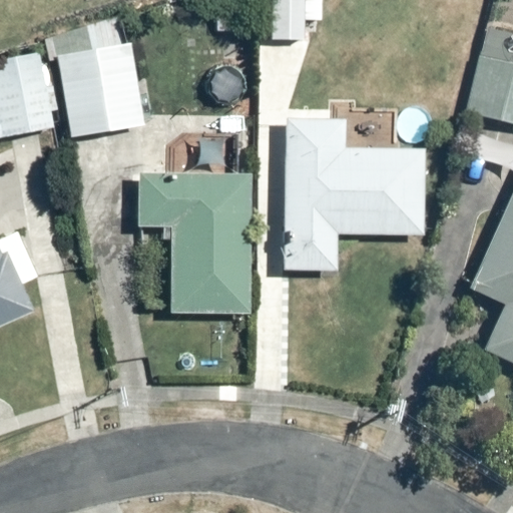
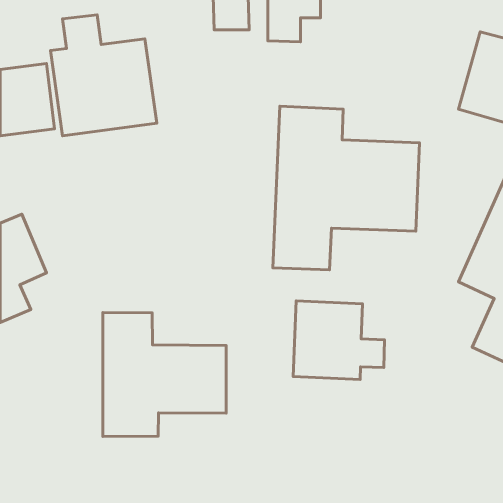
building: [137,132,251,332] -> none
building: none -> [293,301,384,380]
building: none -> [103,313,226,437]

